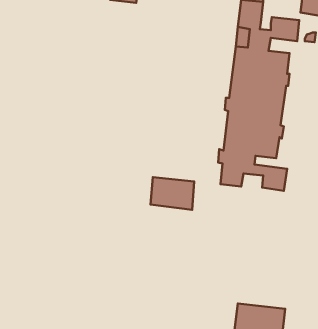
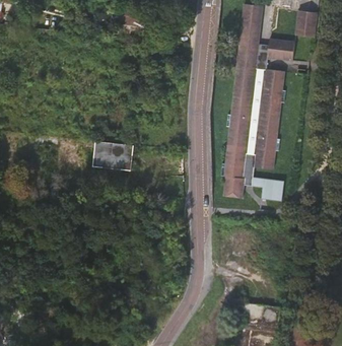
building: [151,177,194,210] -> [93,141,134,171]

